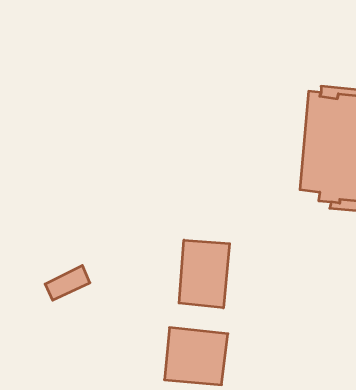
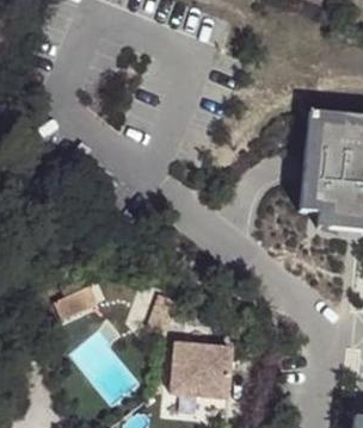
building: [179,240,230,308] -> none

